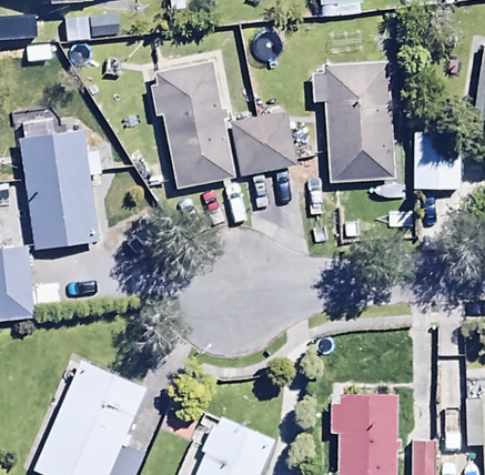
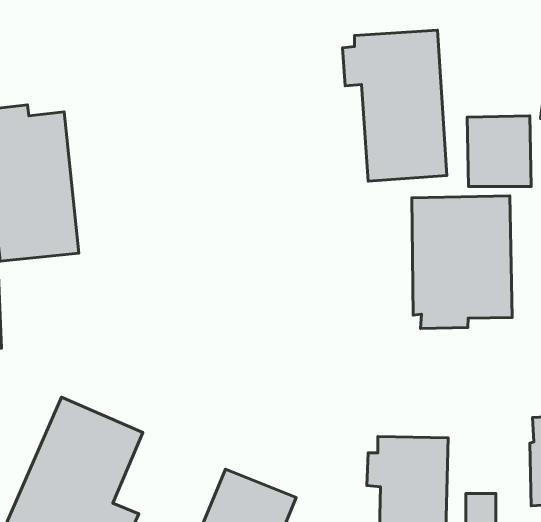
building: [150,59,238,188] -> none
building: [233,112,296,174] -> none
building: none -> [412,196,512,328]

